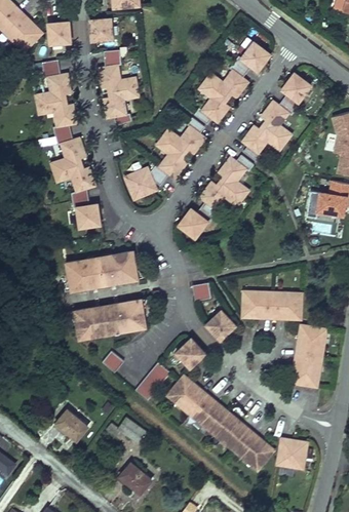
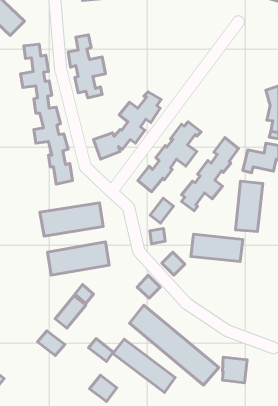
building: [86,21,110,41] -> none
building: [46,22,68,44] -> none
building: [192,43,268,125] -> none
building: [241,74,310,162] -> [181,138,239,211]
building: none -> [150,198,174,223]
building: [295,327,327,388] -> [235,181,263,231]
building: [134,363,171,402] -> [55,296,86,328]
building: none -> [113,339,175,392]

